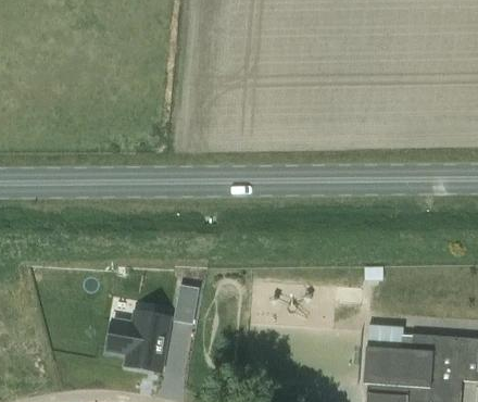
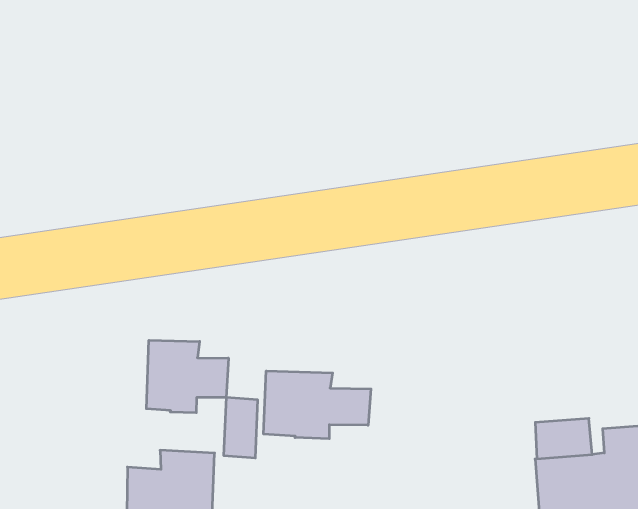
building: none -> [146,340,228,413]
building: none -> [264,371,371,439]

